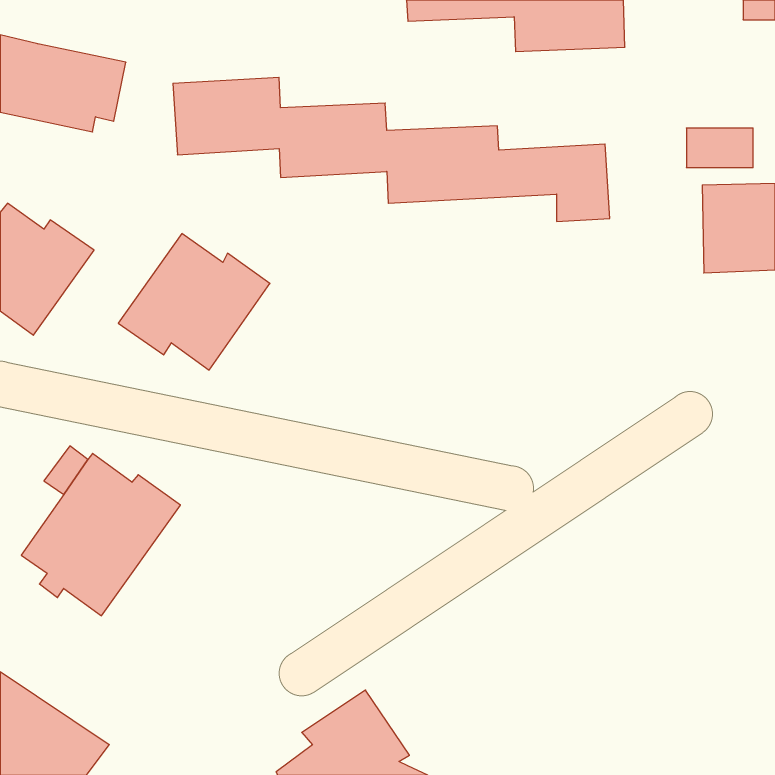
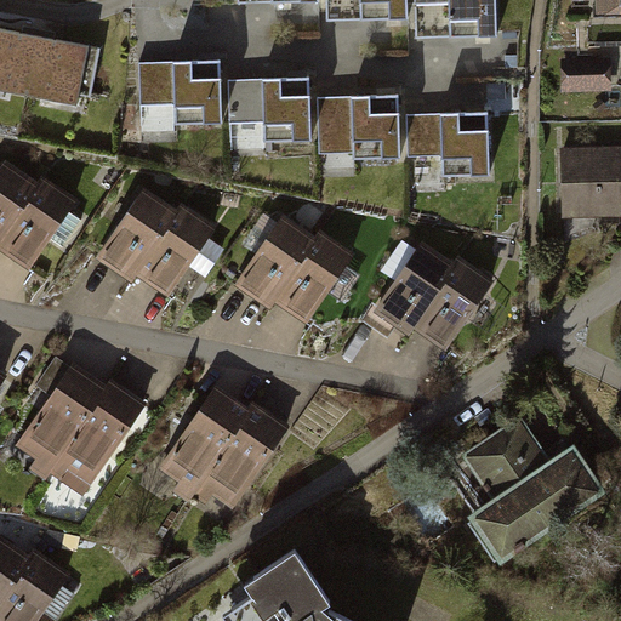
building: [686,128,753,168] -> [559,59,613,91]
building: none -> [237,216,352,321]
building: none -> [374,240,491,348]
building: none -> [159,387,285,506]
building: none -> [466,420,606,565]

